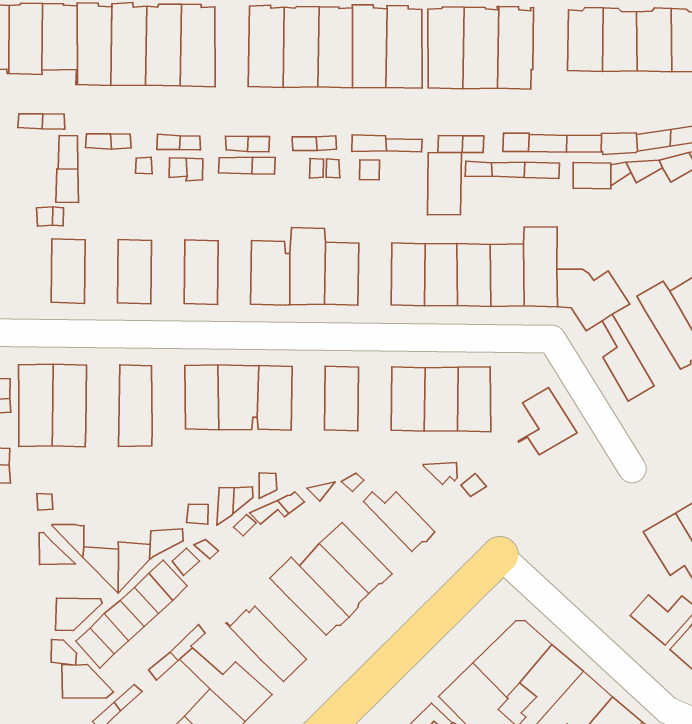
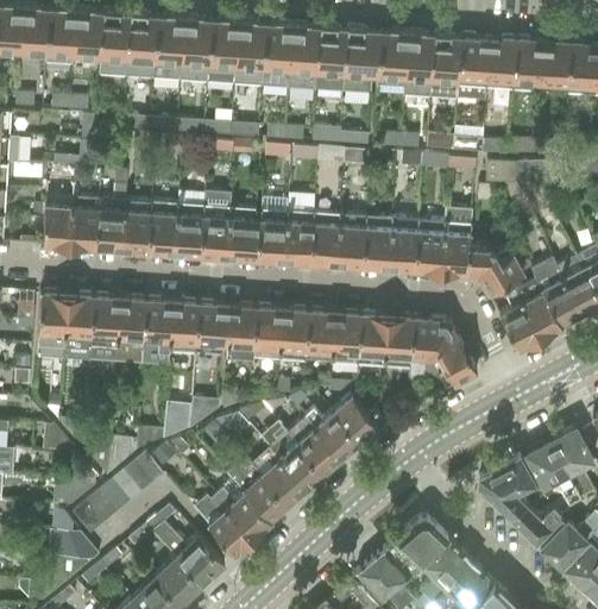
building: none -> [208,20,239,84]
building: none -> [457,36,490,101]
building: [427,152,461,215] -> [310,213,340,263]
building: none -> [95,172,126,249]
building: none -> [200,193,231,256]
building: none -> [43,194,73,245]
building: none -> [147,201,177,252]
building: none -> [515,280,561,339]
building: none -> [89,296,120,362]
building: none -> [141,300,171,365]
building: none -> [252,307,282,358]
building: none -> [304,310,334,362]
building: none -> [408,316,457,383]
building: none -> [332,394,386,444]
building: none -> [288,416,341,475]
building: none -> [478,456,536,519]
building: none -> [215,488,271,538]

